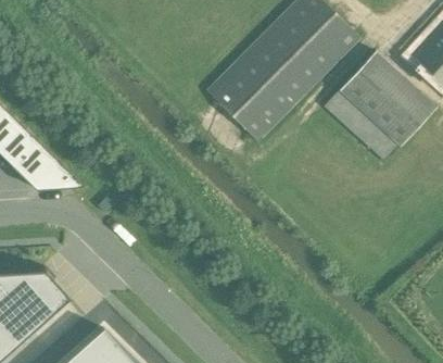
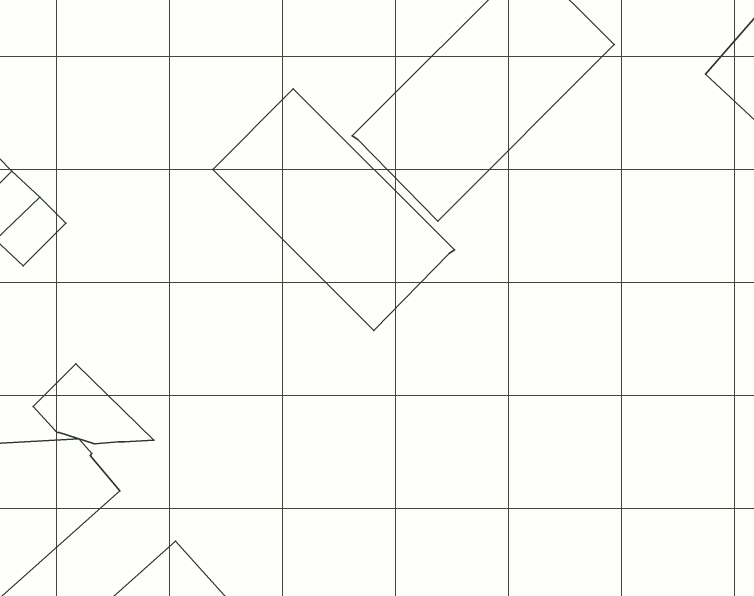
building: [325,51,436,162] -> none
building: none -> [213,89,454,331]
building: [14,142,85,189] -> [33,364,154,444]

